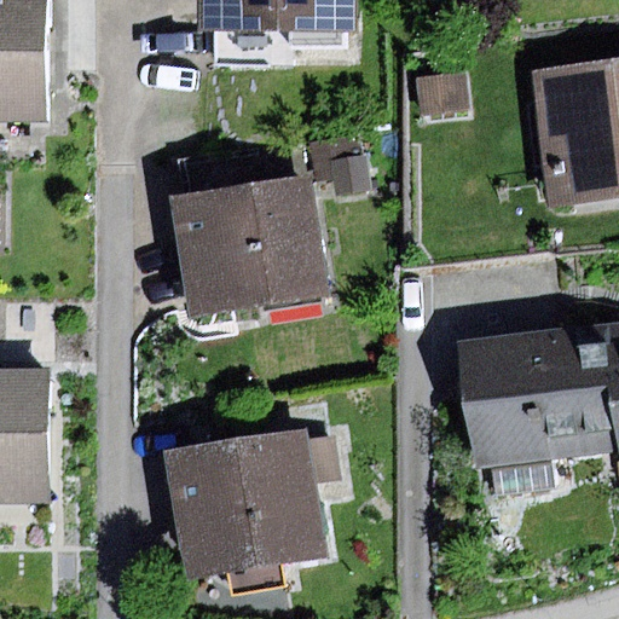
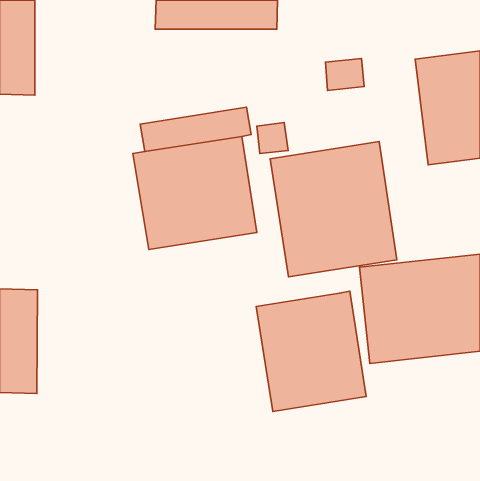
building: none -> [270,141,397,277]
building: none -> [256,291,366,411]
building: [162,429,340,575] -> none

